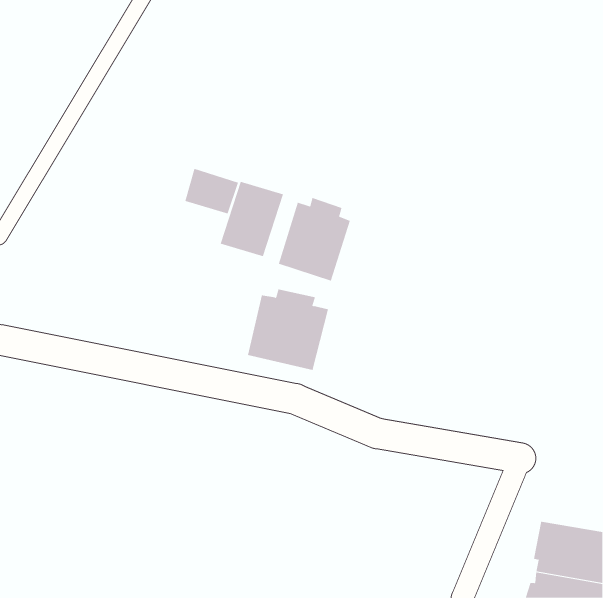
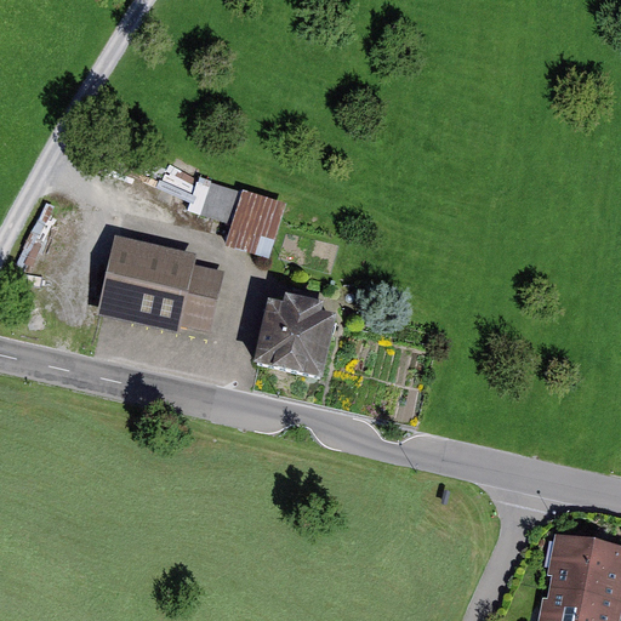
building: [278,197,351,281] -> none
building: none -> [97,234,224,332]

